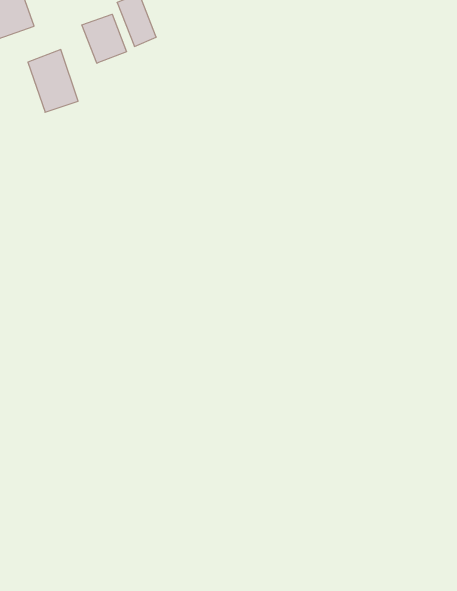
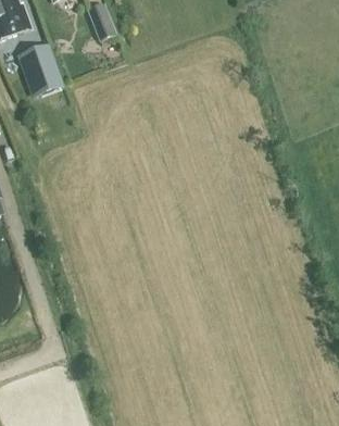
building: [82,14,126,63] -> none

